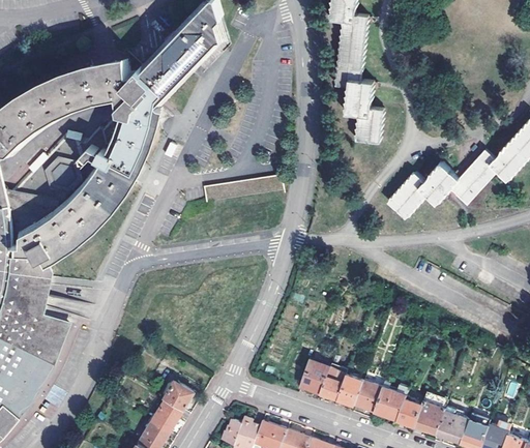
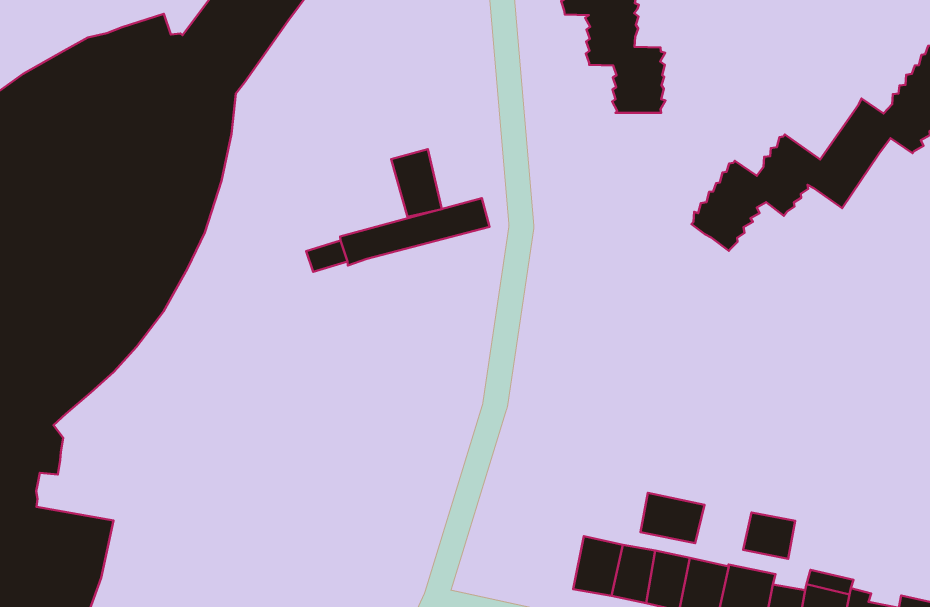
building: none -> [391,149,442,217]
building: none -> [640,493,705,543]
building: none -> [743,513,795,559]

